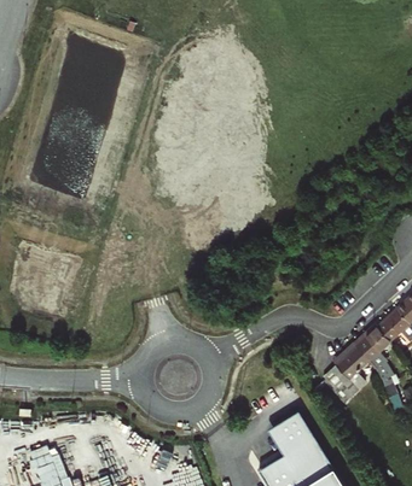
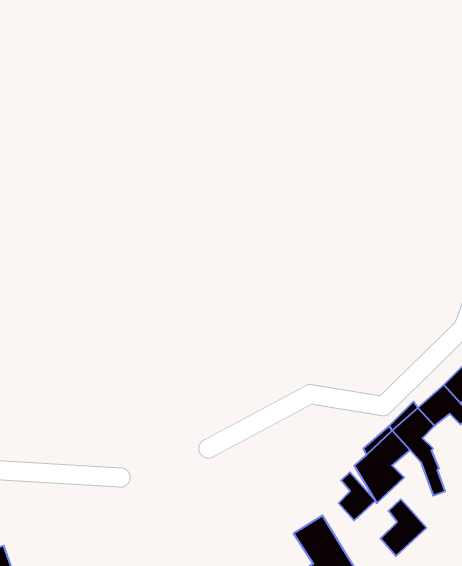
building: none -> [339,472,375,520]
building: none -> [380,499,426,556]

